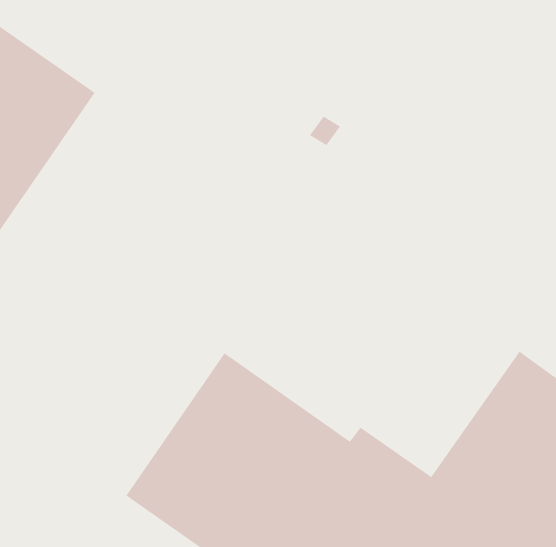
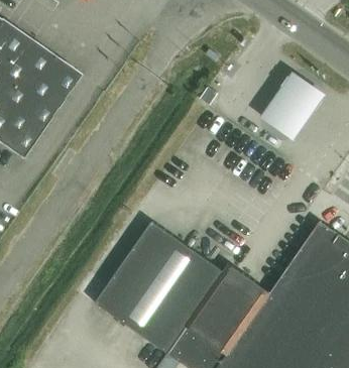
building: none -> [259,66,326,135]

